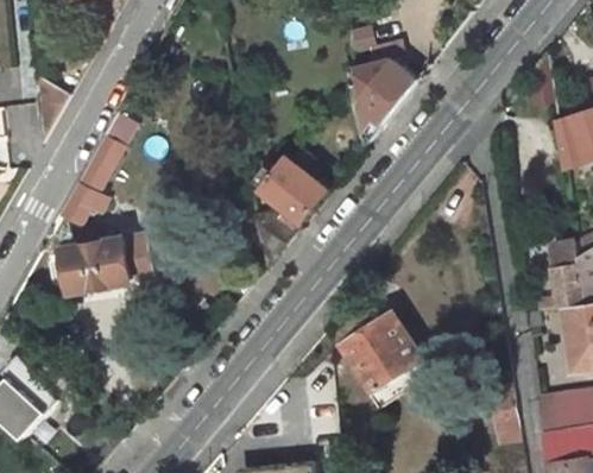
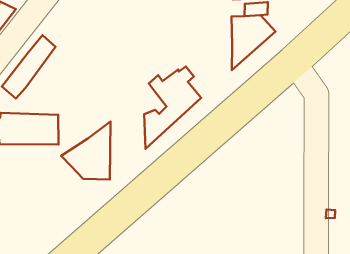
building: none -> [61,122,111,180]
building: [341,313,424,392] -> none

